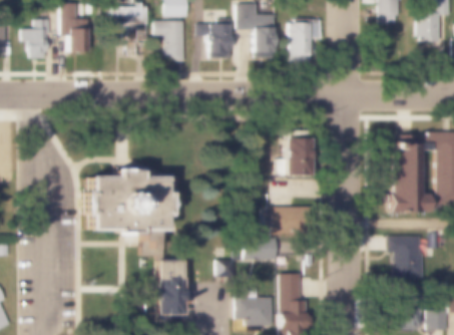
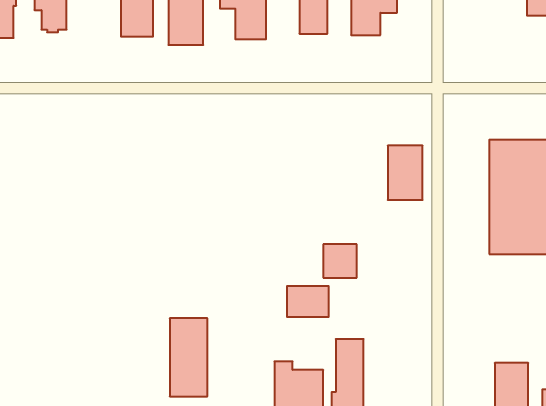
building: [284,138,309,178] -> [388,146,423,200]
building: [88,168,172,256] -> none
building: [388,236,422,278] -> none

